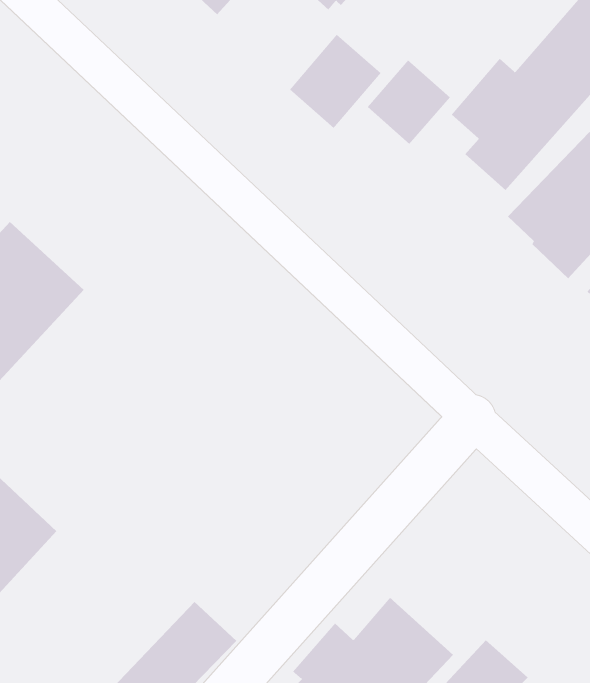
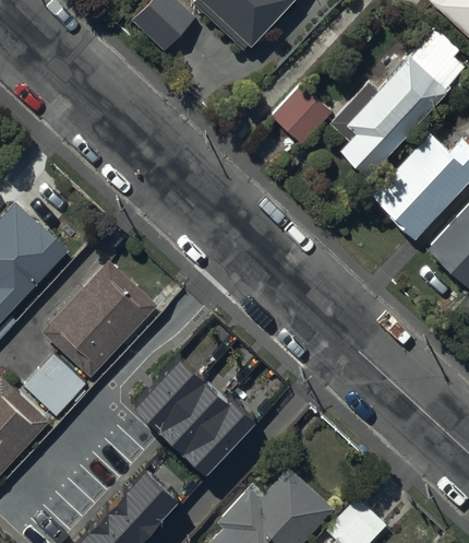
building: [289,34,382,129] -> none
building: none -> [43,261,157,377]
building: none -> [21,349,86,412]
building: none -> [134,355,251,471]

